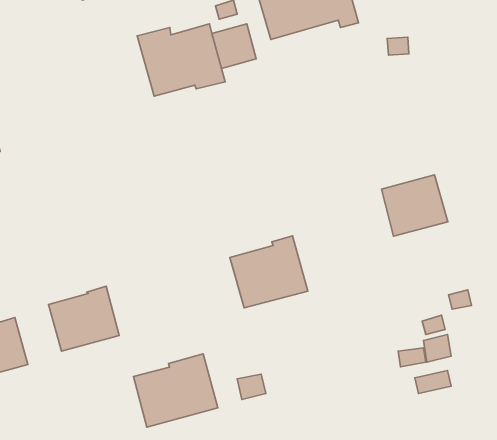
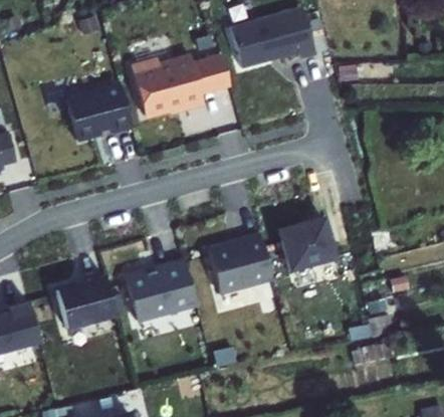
building: none -> [65,82,133,141]
building: [382,175,448,236] -> [279,217,335,268]
building: [134,354,218,427] -> [126,258,196,320]

